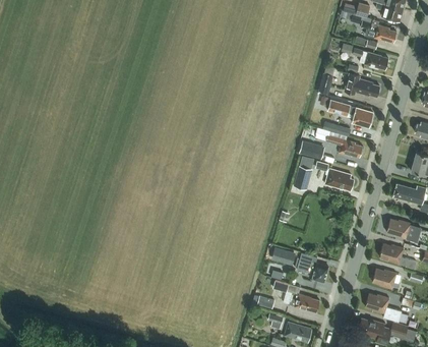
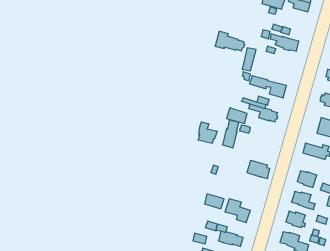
building: [362,19,396,42] -> none
building: [344,72,380,97] -> [215,31,245,51]
building: none -> [198,122,217,143]
building: [325,168,354,190] -> [247,160,270,178]

